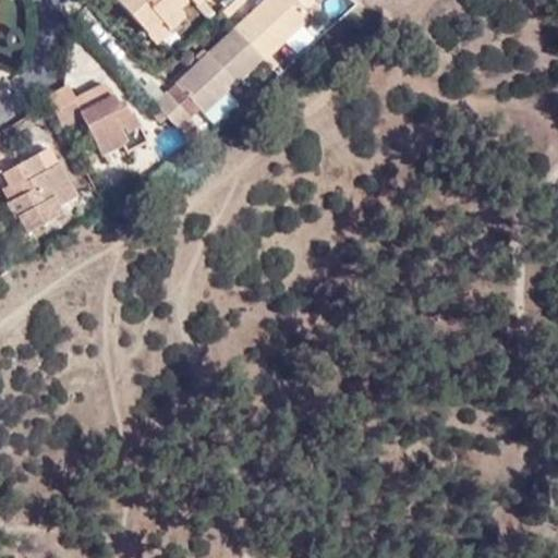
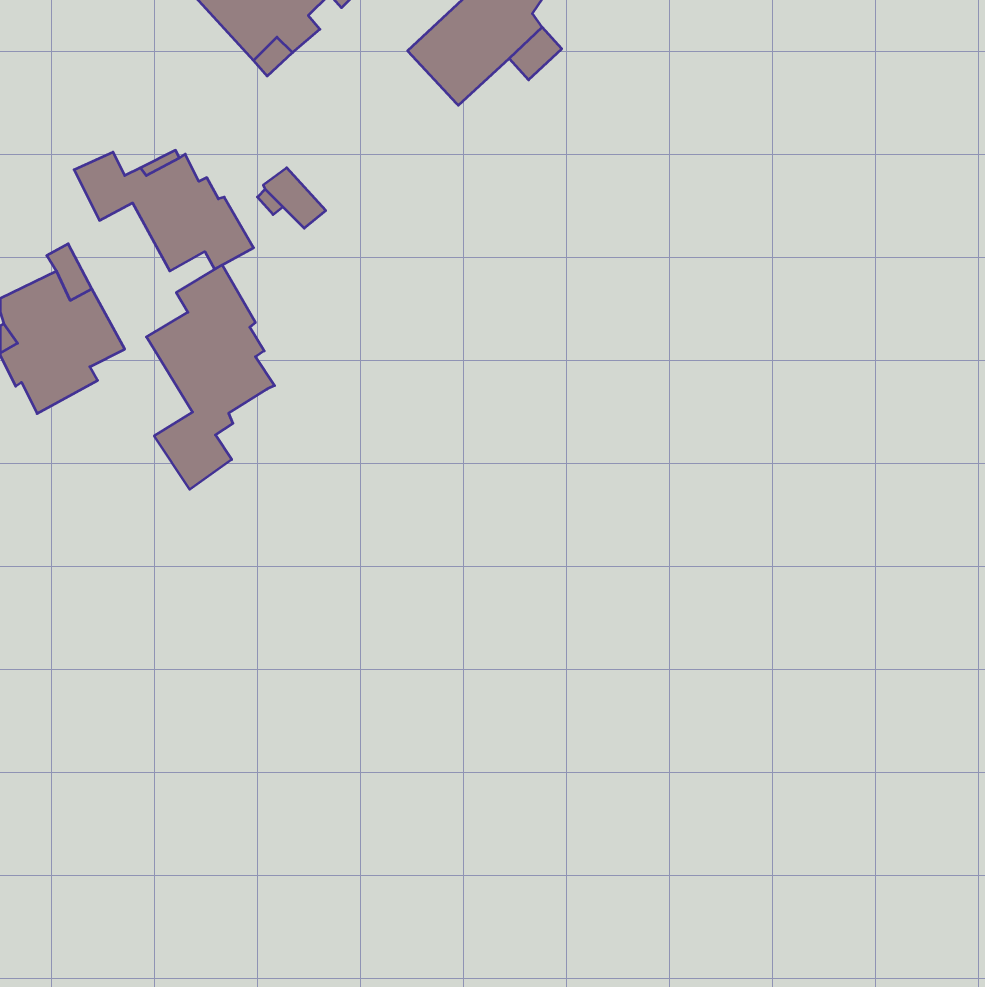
building: [174,28,262,113] -> none
building: none -> [146,265,275,489]

